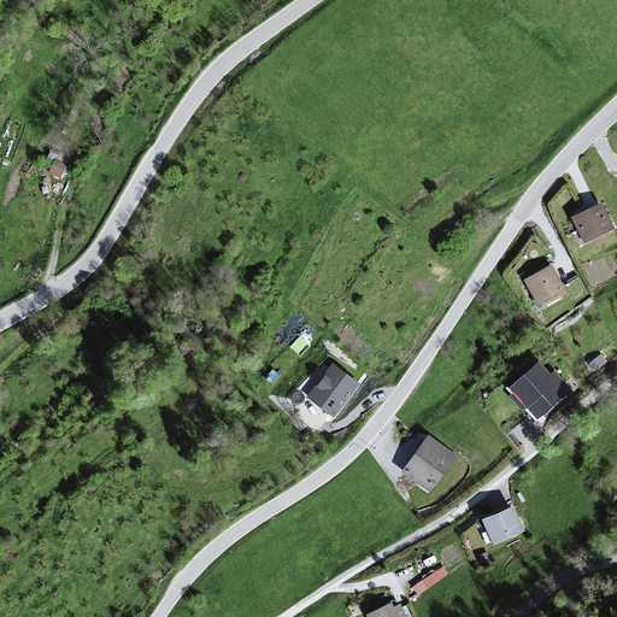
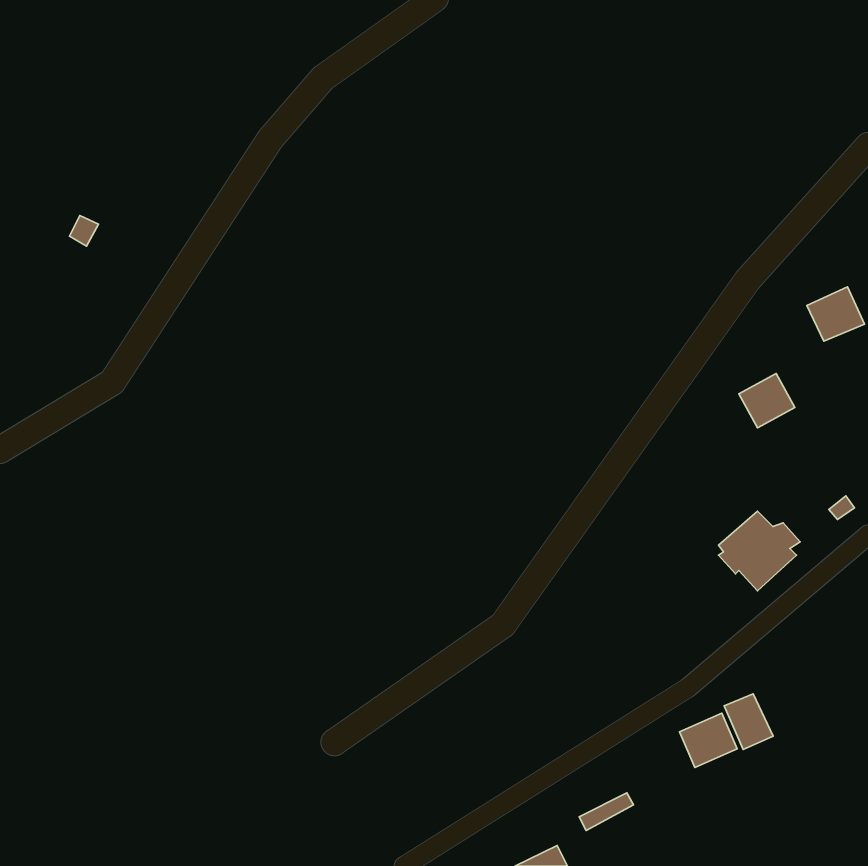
building: [310,364,357,413] -> none
building: [400,435,457,493] -> none
building: none -> [724,694,773,749]

